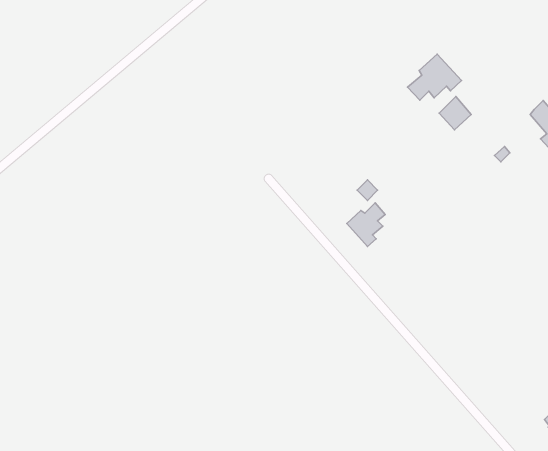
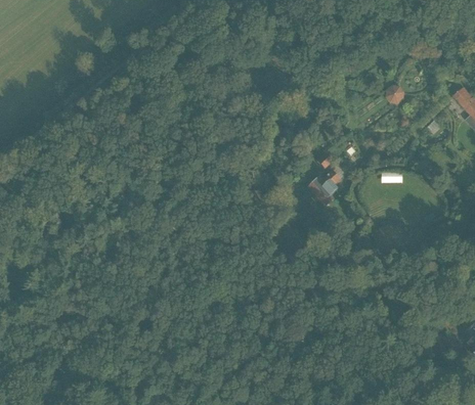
building: [408,54,461,100] -> none

